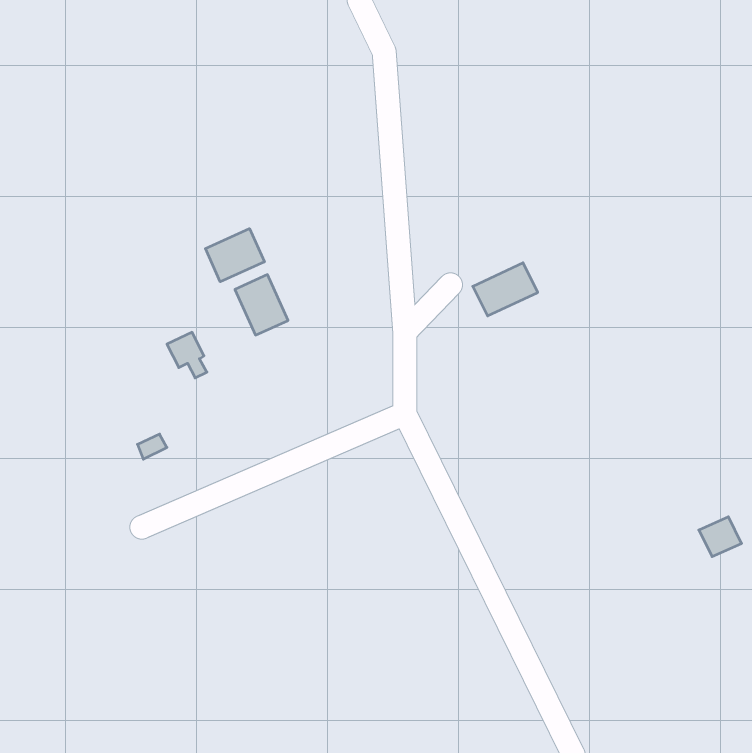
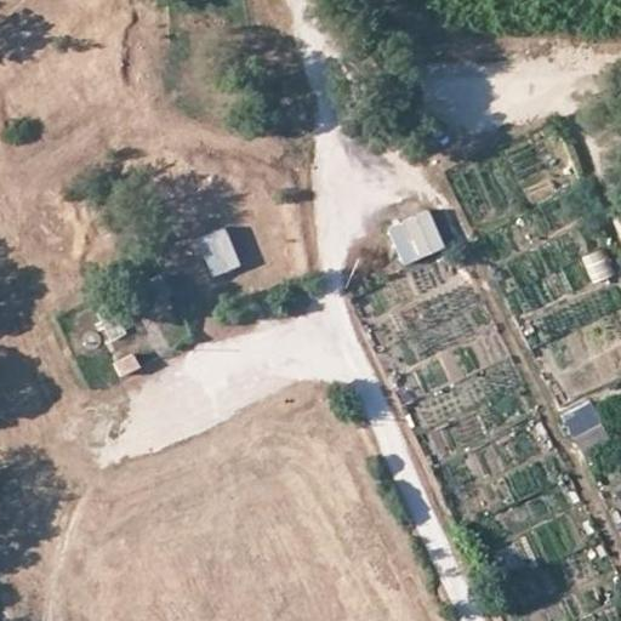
building: [205,229,264,282] -> none

